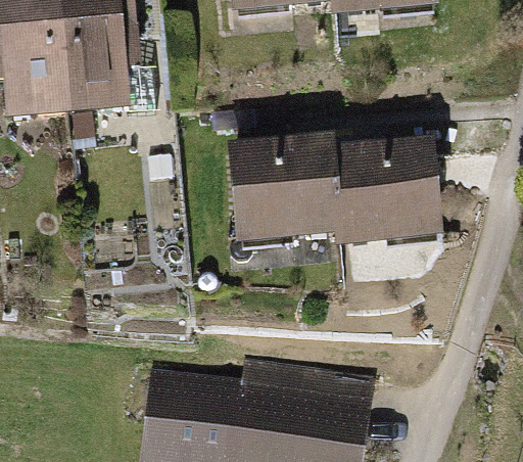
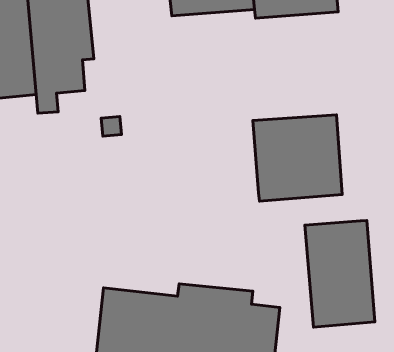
building: [230,144,342,253] -> none
building: none -> [305,220,375,327]

